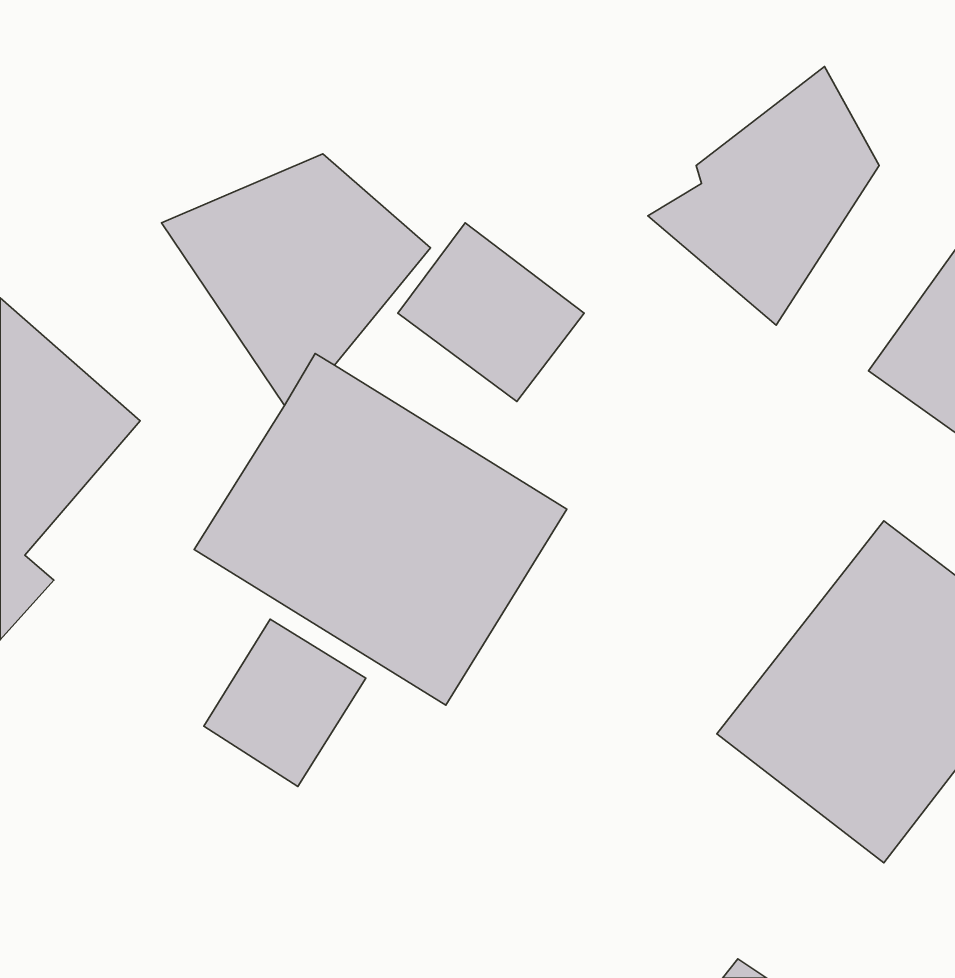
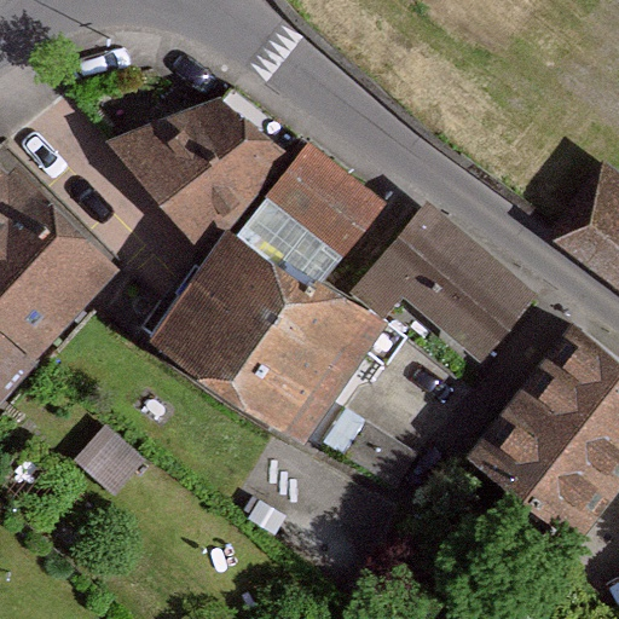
building: [648,66,879,325] -> none
building: none -> [358,204,534,354]
building: [204,619,366,786] -> none

